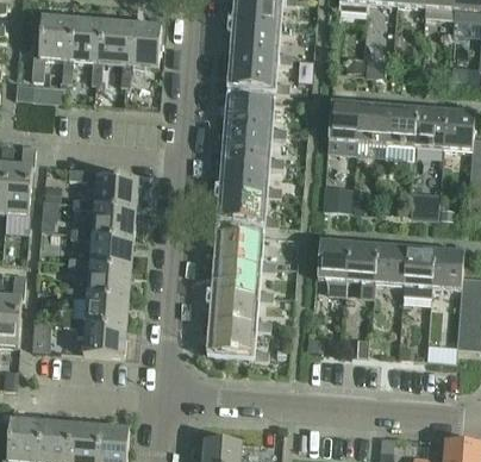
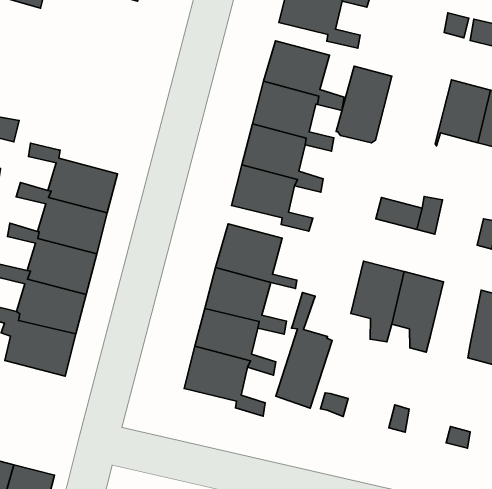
building: [326,100,358,151] -> [336,66,392,143]
building: [69,168,139,208] -> none
building: [375,244,405,285] -> none
building: none -> [276,292,332,408]

